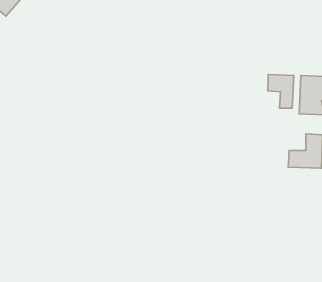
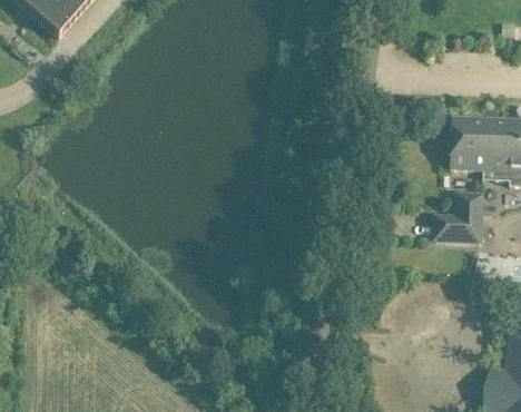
building: [268,74,294,108] -> none

